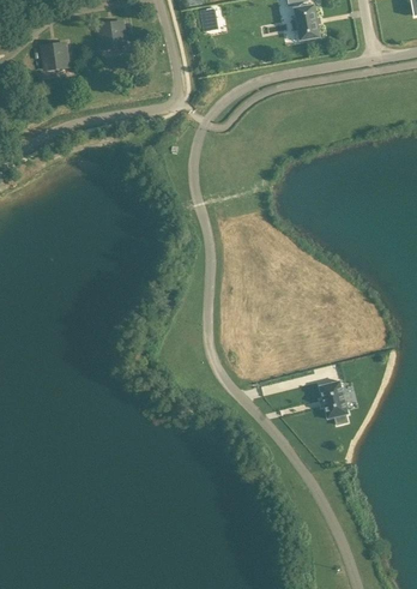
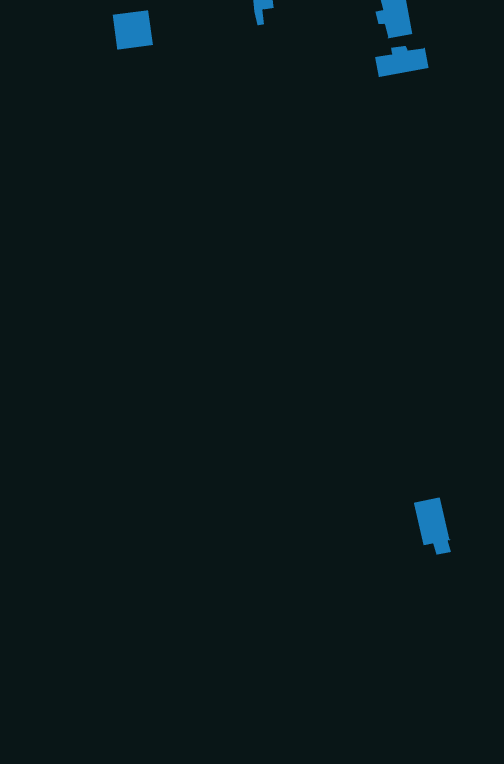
building: [37,41,68,71] -> none
building: none -> [375,45,429,78]

